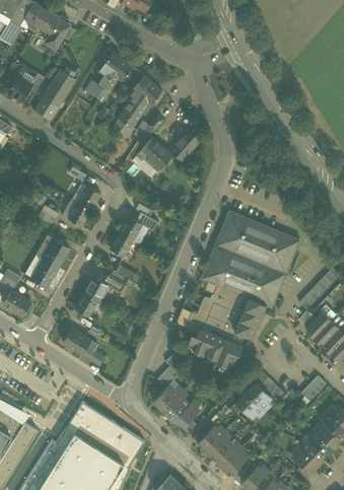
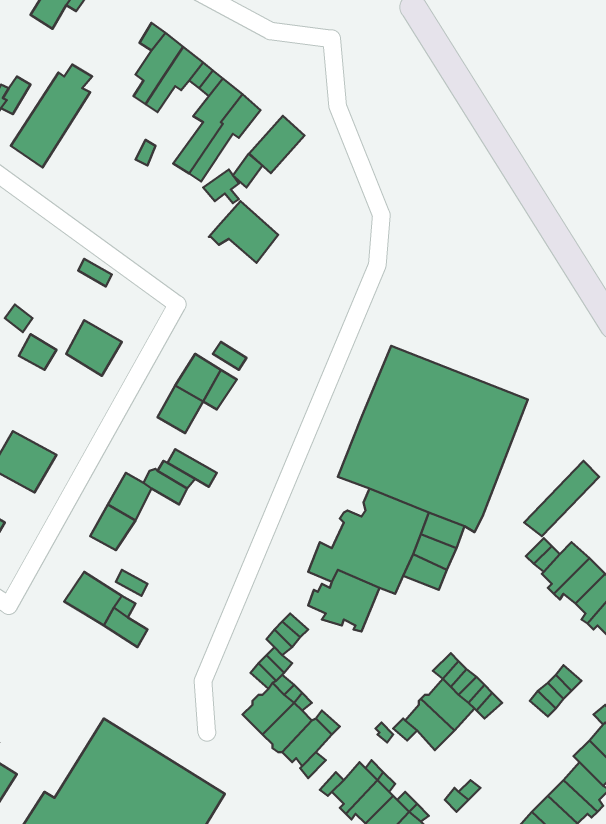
building: [169,131,198,160] -> [249,116,305,173]
building: [71,183,99,210] -> none
building: [35,235,68,268] -> none
building: [213,336,243,374] -> none

